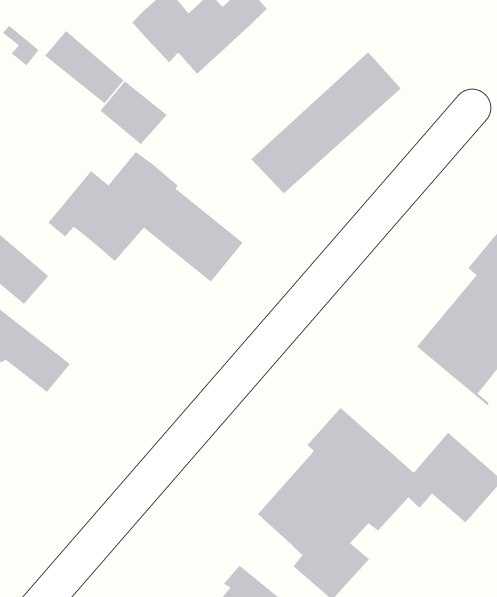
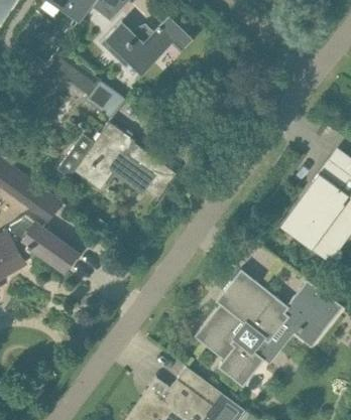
building: [251,52,401,194] -> none

